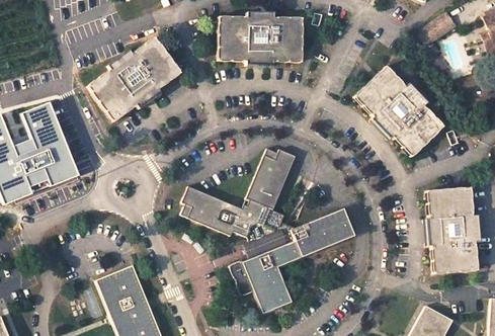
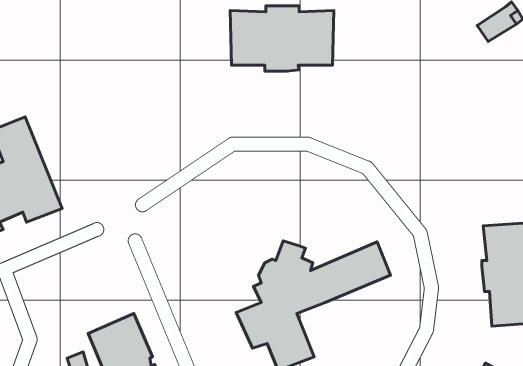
building: [89,38,181,123] -> none
building: [354,66,444,157] -> none
building: [182,147,295,233] -> none

